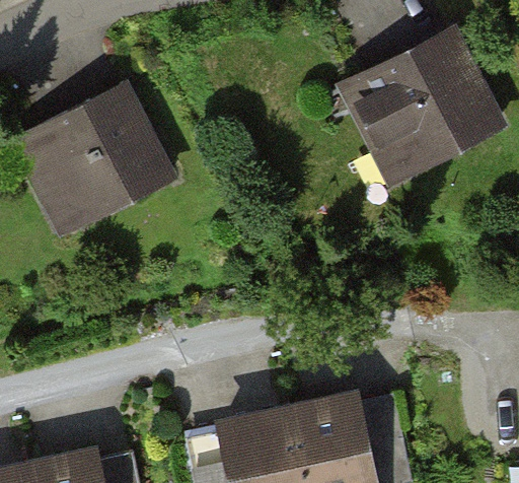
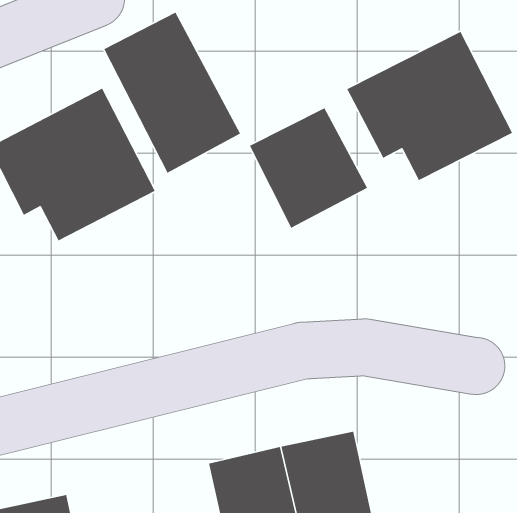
building: none -> [103,12,241,174]
building: none -> [249,107,368,229]

